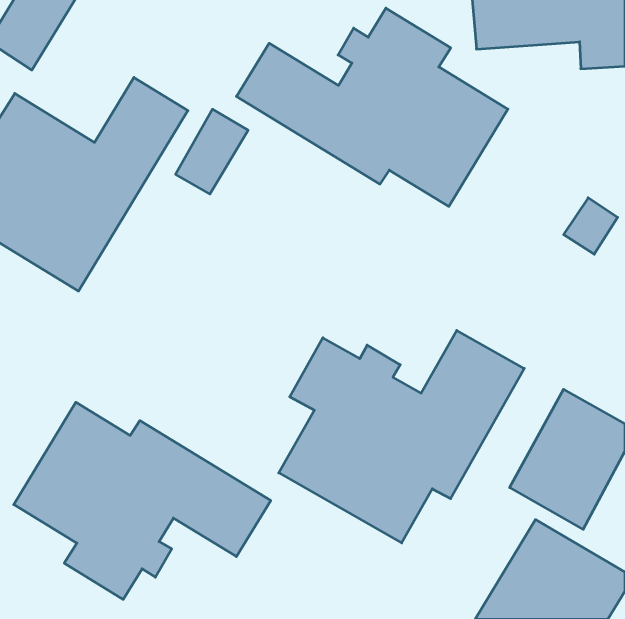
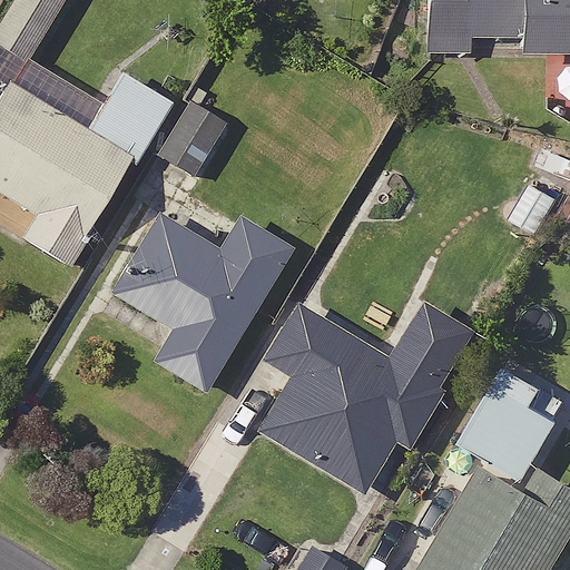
building: [236,8,508,206] -> none
building: none -> [111,217,286,391]
building: [14,402,271,599] -> none

